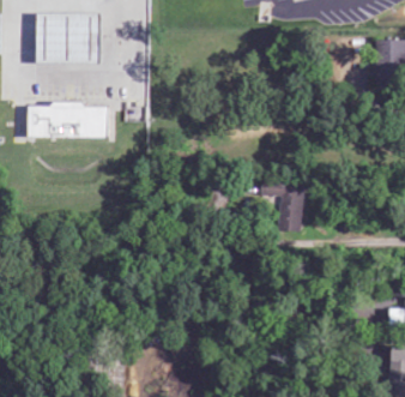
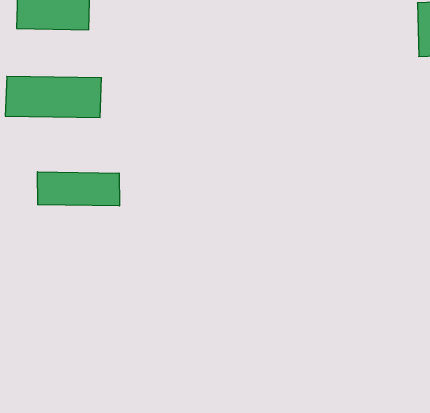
building: [260,180,303,230] -> none
building: none -> [38,172,119,206]

